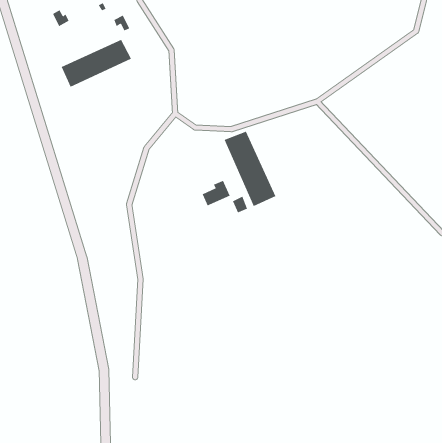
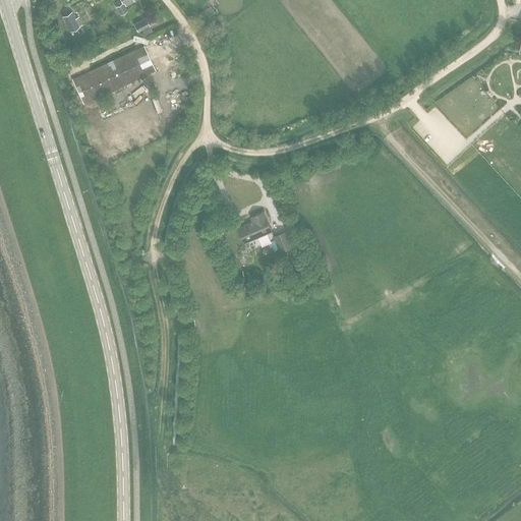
building: [224,131,276,207] -> none

